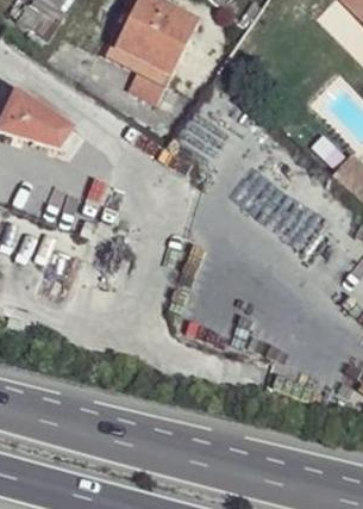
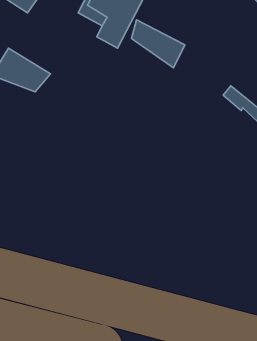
building: none -> [132,20,185,68]

